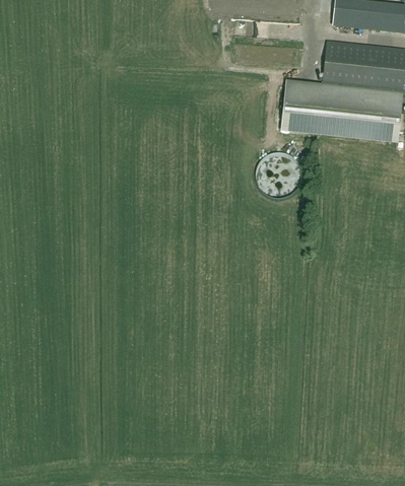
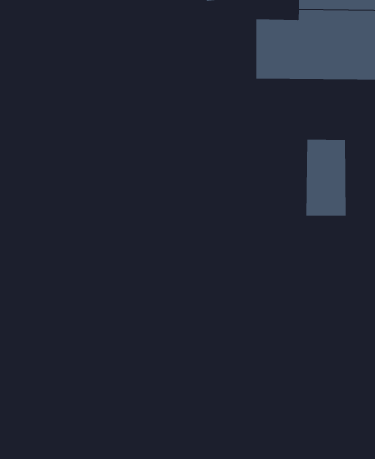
building: none -> [306,139,346,216]

